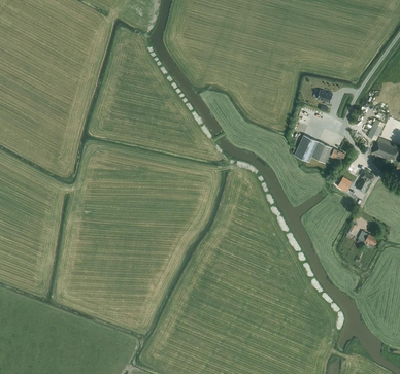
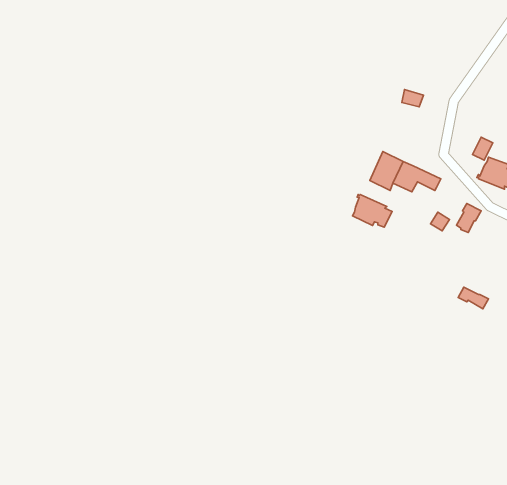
building: none -> [352,194,392,227]

